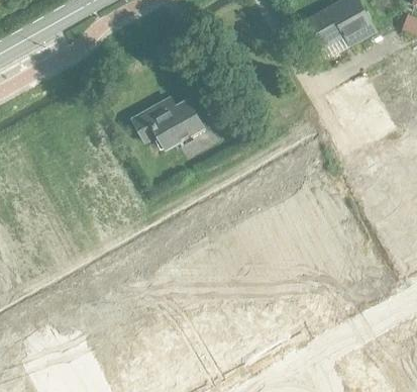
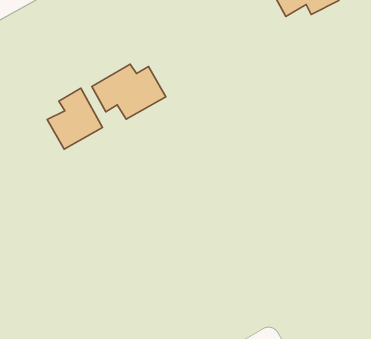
building: none -> [47,88,102,149]

